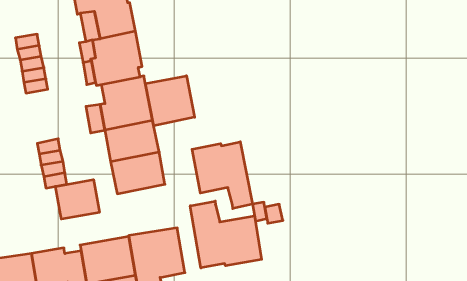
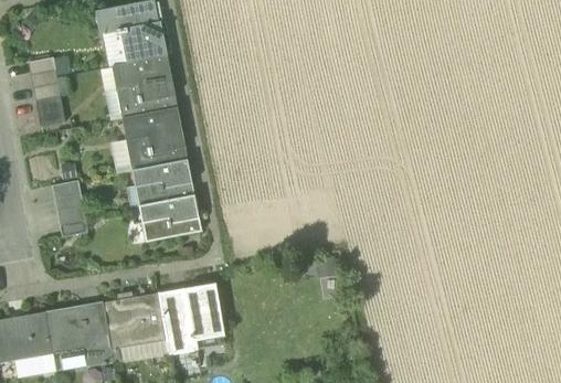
building: [145,76,195,126] -> none
building: [192,142,253,209] -> none
building: [55,180,99,219] -> none
building: [190,201,262,268] -> none

